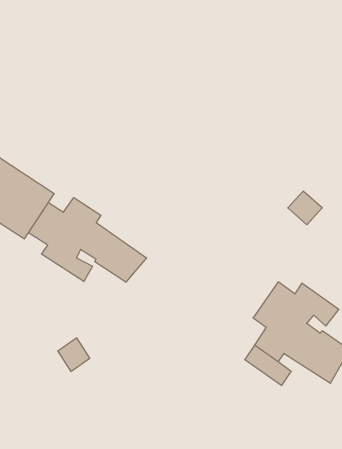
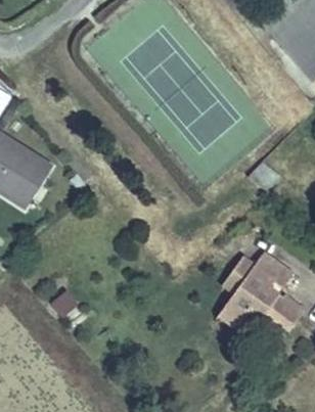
building: [29,198,147,282] -> none

